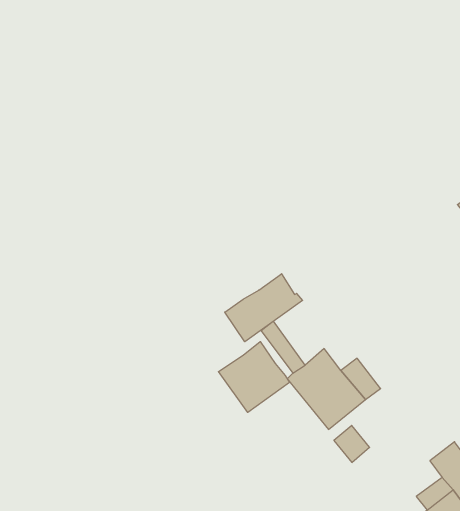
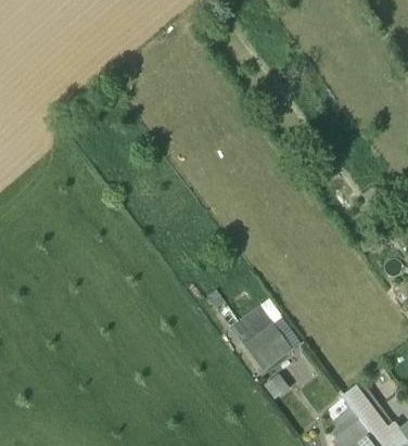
building: [225,274,303,342] -> none
building: [218,342,289,412] -> none

